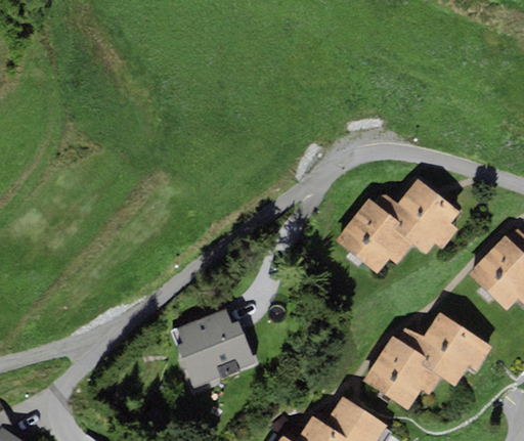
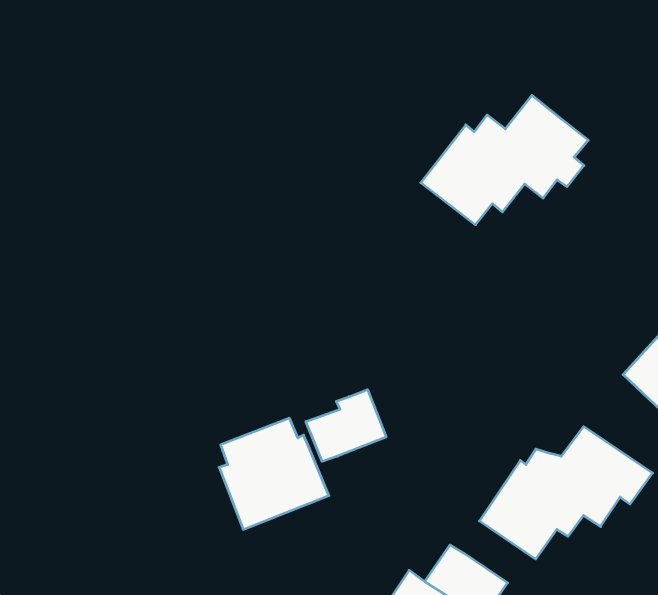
building: [336,177,457,271] -> [421,95,588,225]
building: none -> [306,390,386,461]

